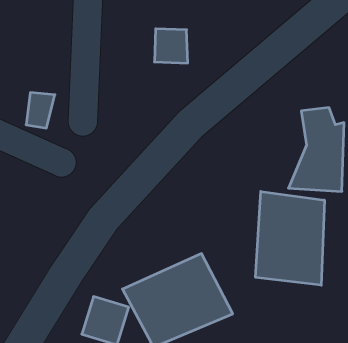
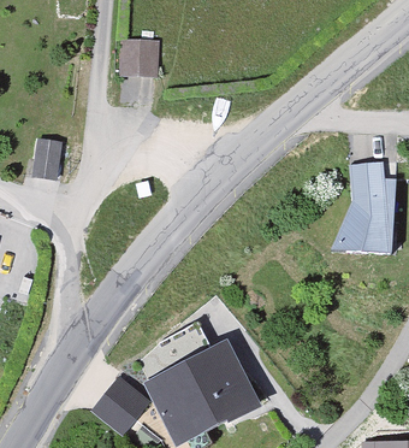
building: [154,29,188,63] -> [121,46,159,84]
building: [256,191,324,285] -> none

